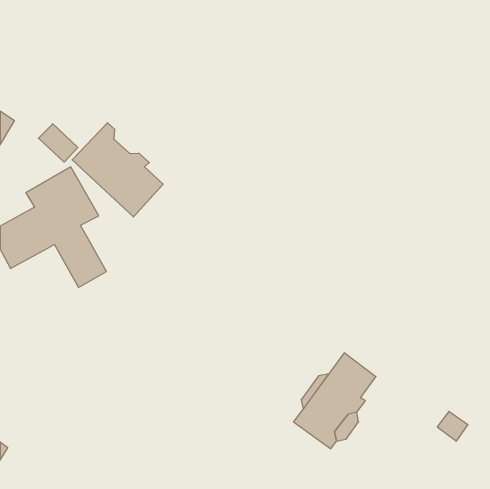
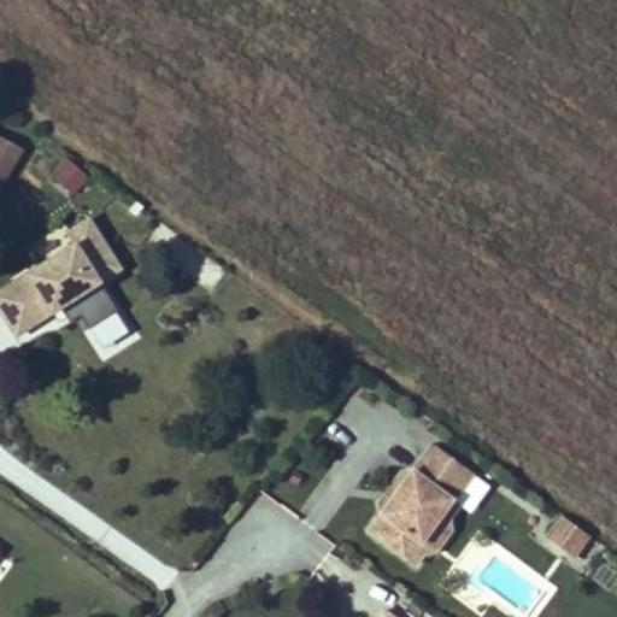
building: [72,123,163,217] -> none

